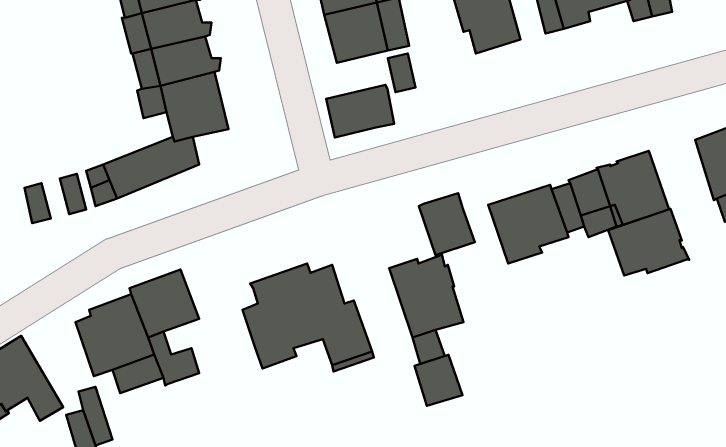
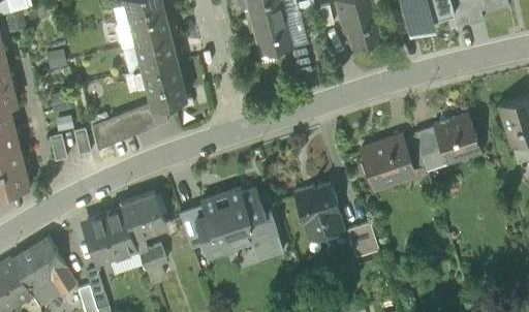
building: [326,85,394,138] -> none
building: [419,193,475,255] -> none
building: [608,209,689,275] -> none
building: none -> [179,205,206,248]
building: [414,355,462,406] -> [347,224,379,258]

